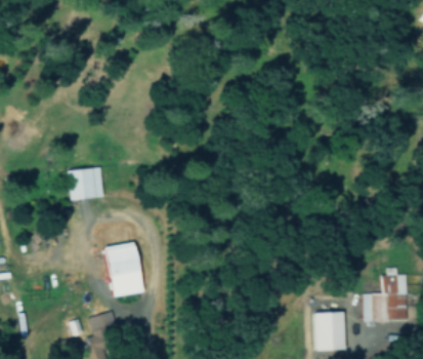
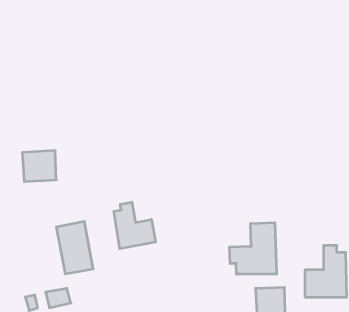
building: none -> [114,202,156,249]
building: none -> [230,223,277,274]

